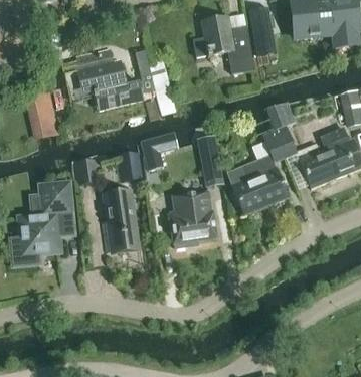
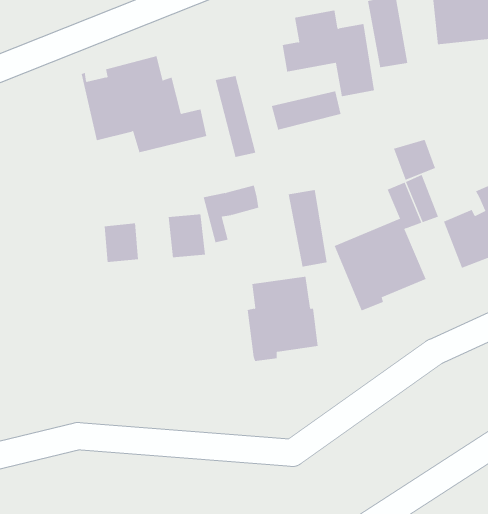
building: none -> [271,91,341,131]
building: [25,90,60,139] -> none
building: [12,180,73,262] -> none
building: [102,194,139,251] -> none

